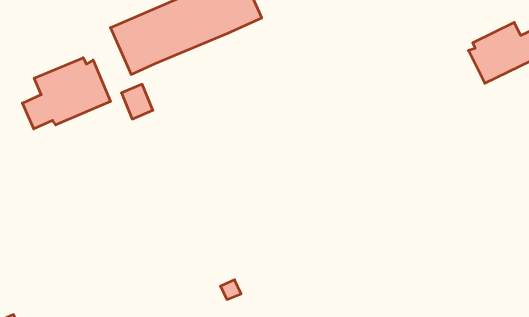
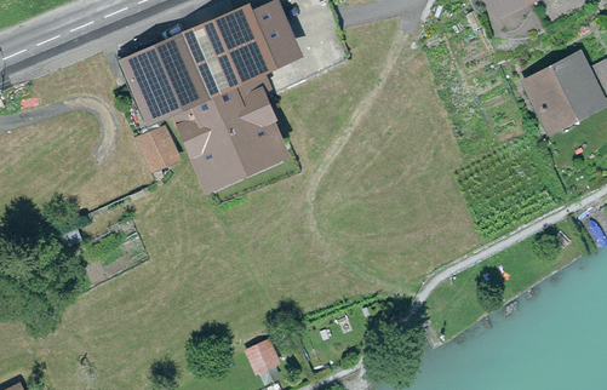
building: none -> [177,69,276,174]
building: [22,58,110,129] -> none

